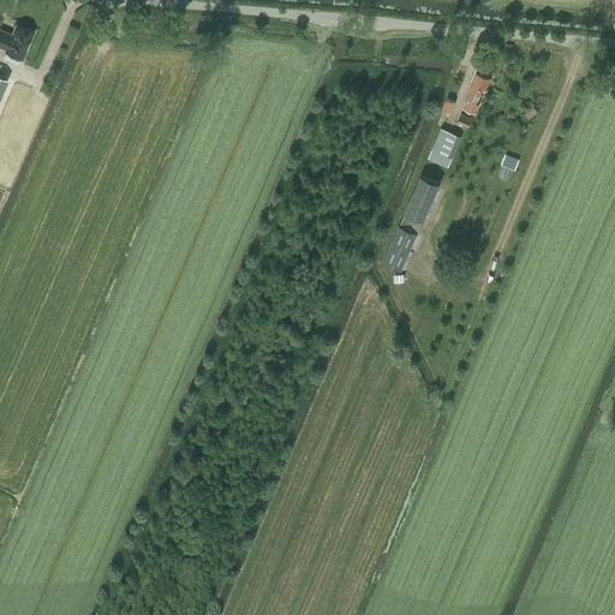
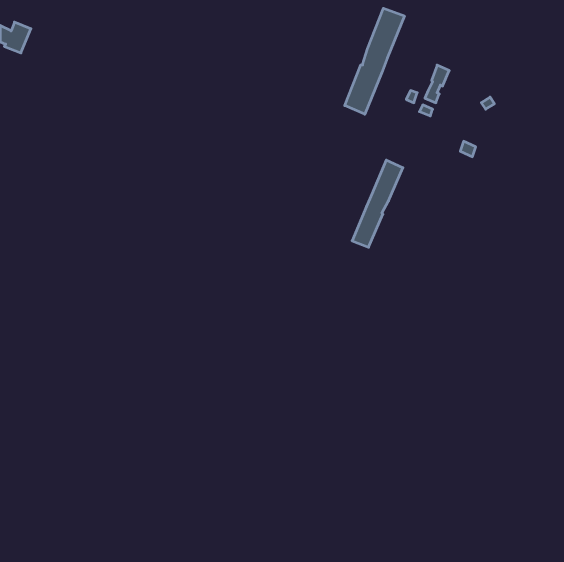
building: none -> [345,8,404,114]
building: [428,131,461,169] -> none

